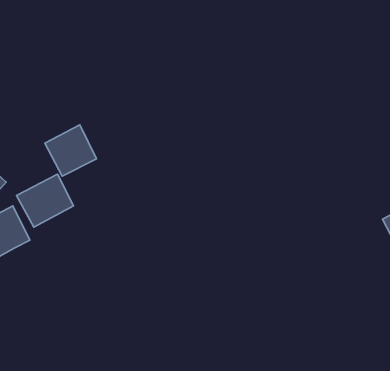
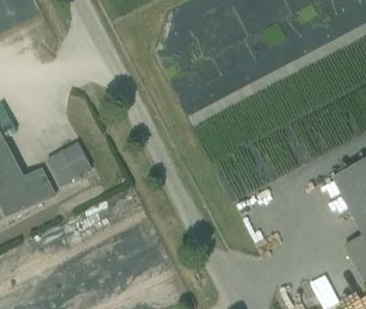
building: [45,125,97,176] -> none

